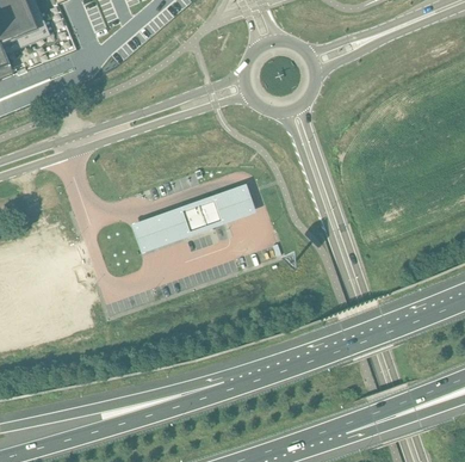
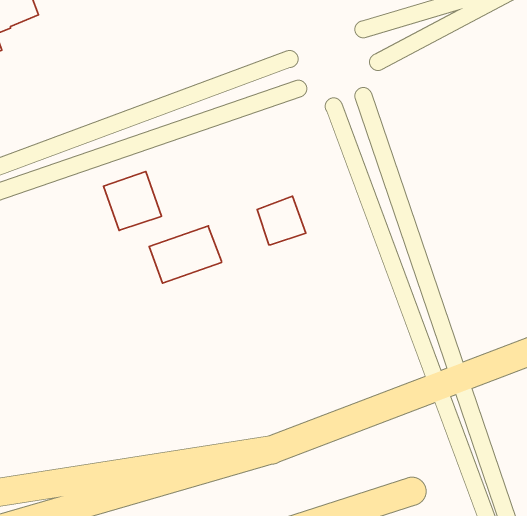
building: none -> [104,172,161,231]
building: [178,193,227,235] -> none

